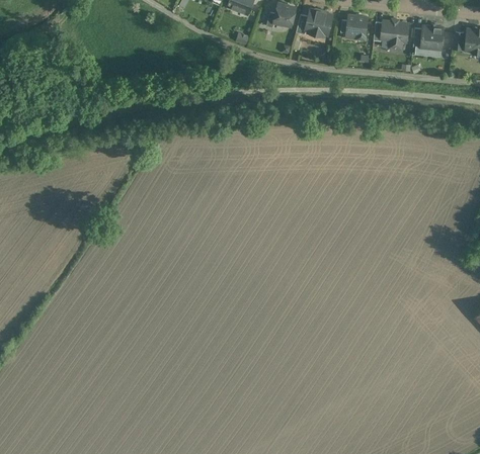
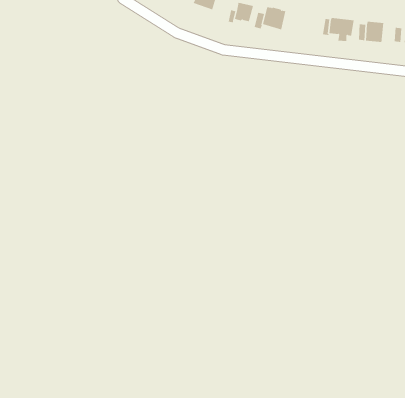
building: [347,16,369,40] -> none

